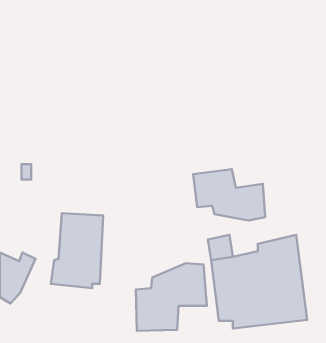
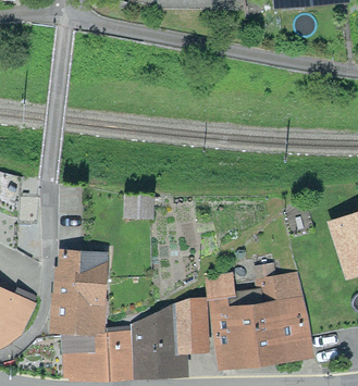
building: [193,169,265,220] -> none
building: none -> [63,334,128,374]

